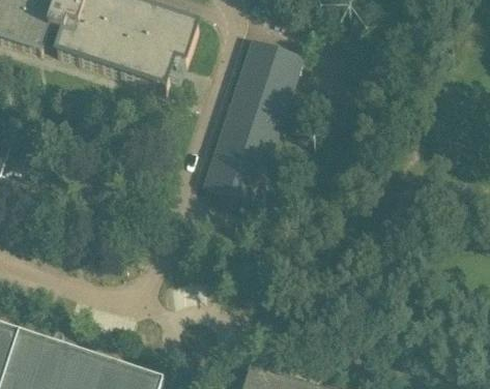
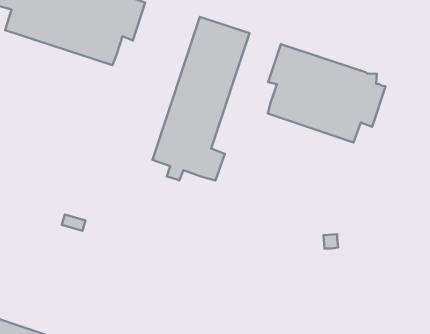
building: none -> [268,44,385,143]

